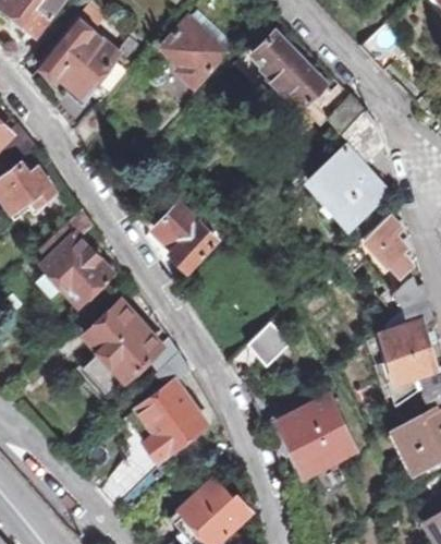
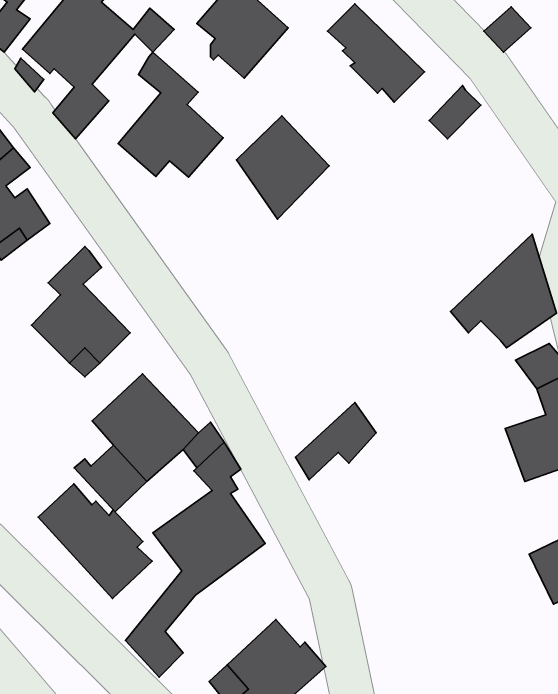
building: none -> [118,52,223,177]
building: [311,112,388,227] -> none
building: [147,207,213,281] -> [236,116,329,219]
building: none -> [38,484,152,598]
building: [282,395,356,474] -> none

